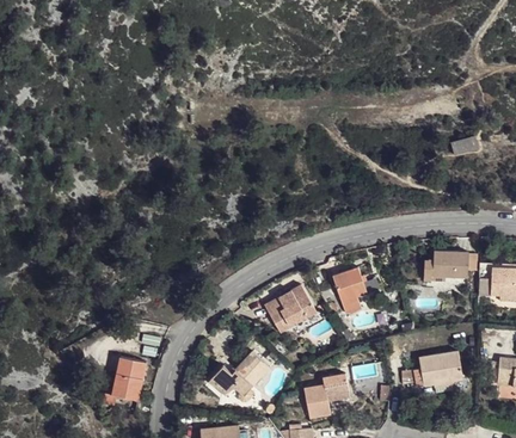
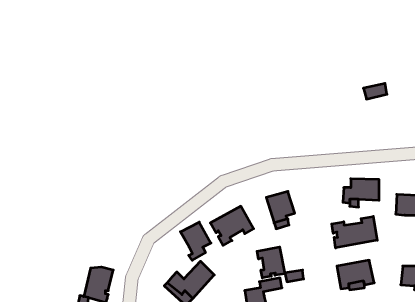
building: none -> [332,216,377,248]
building: none -> [180,222,211,260]
building: none -> [257,247,285,278]

